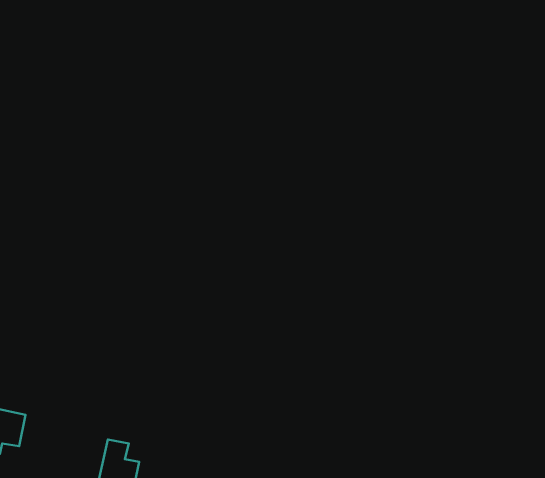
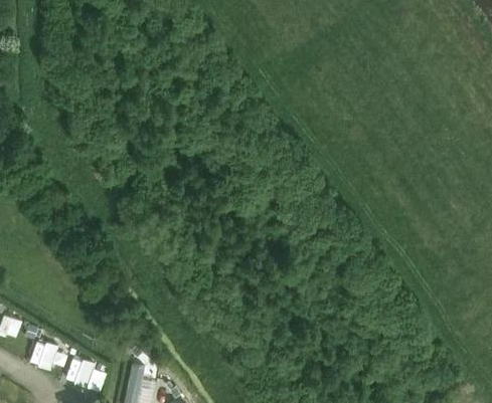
building: none -> [65,358,93,386]

